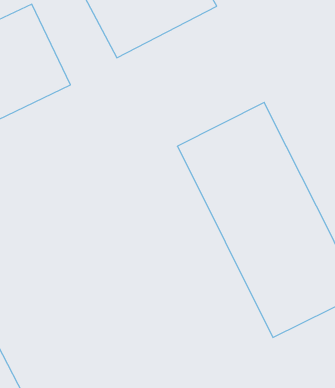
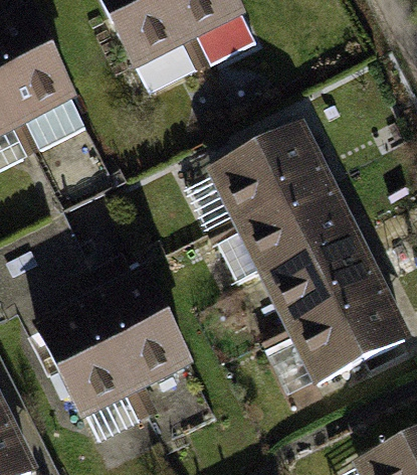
building: none -> [39,274,195,420]

